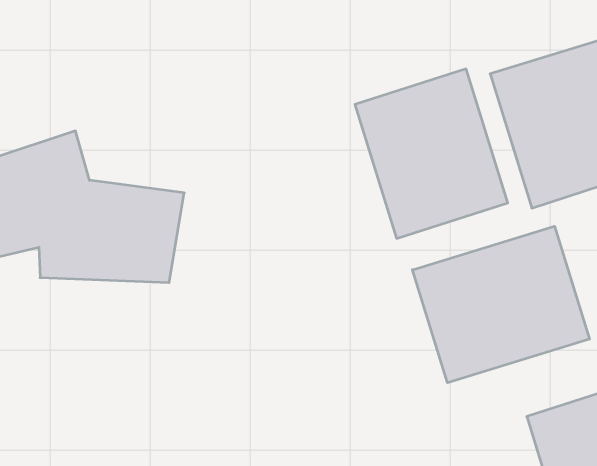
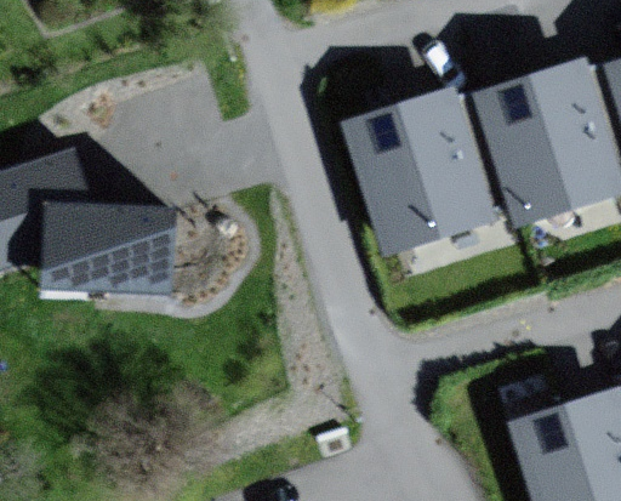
building: [412,226,590,383] -> none

